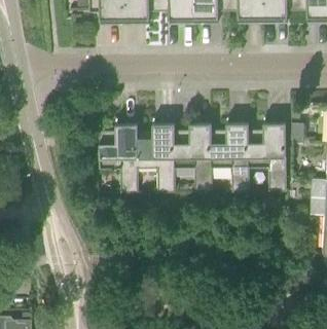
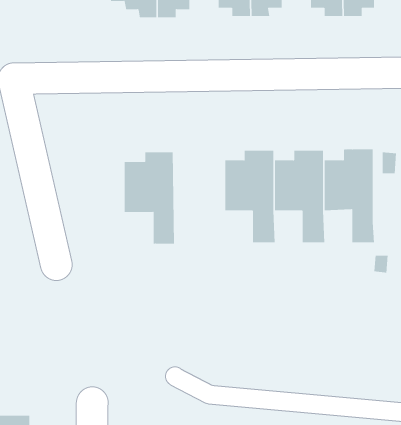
building: [138,122,176,192] -> none

